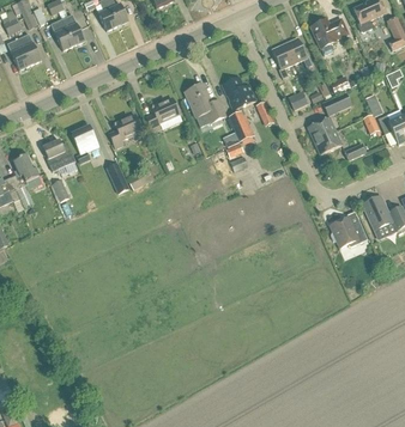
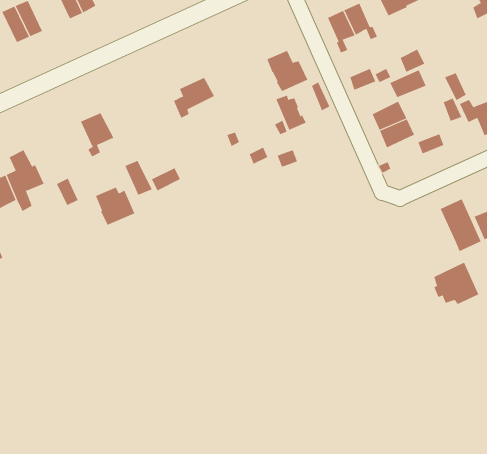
building: [183,84,225,122] -> none
building: [109,114,143,147] -> none
building: [42,139,74,170] -> [95,187,135,225]
building: [330,213,367,248] -> [433,262,479,305]

